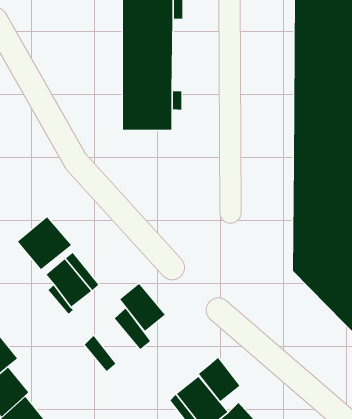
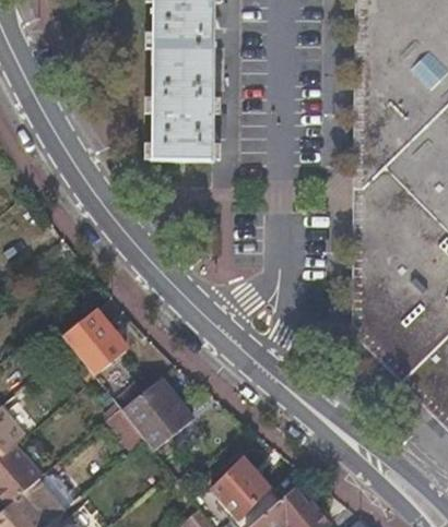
building: [17,216,72,270] -> none
building: [119,283,166,332] -> [119,387,175,446]
building: [198,357,241,402] -> none

